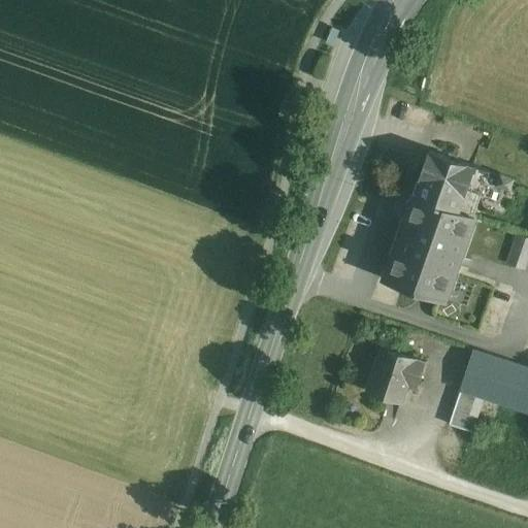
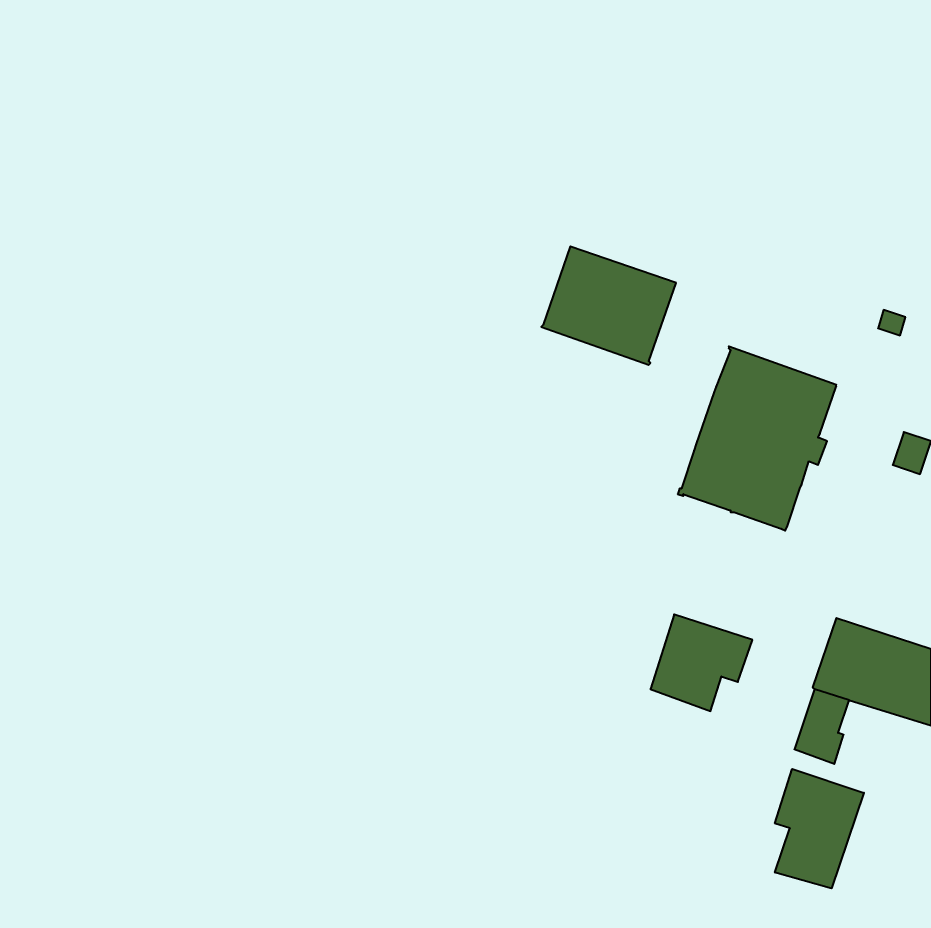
building: [412,153,489,220] -> [541,246,676,365]
building: none -> [775,769,864,888]

